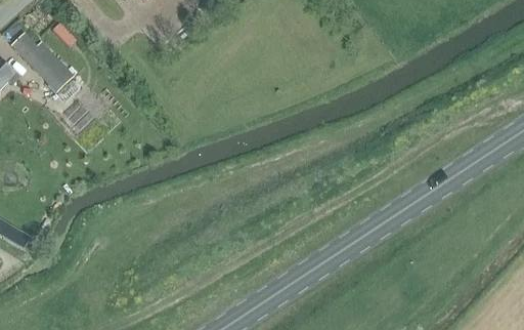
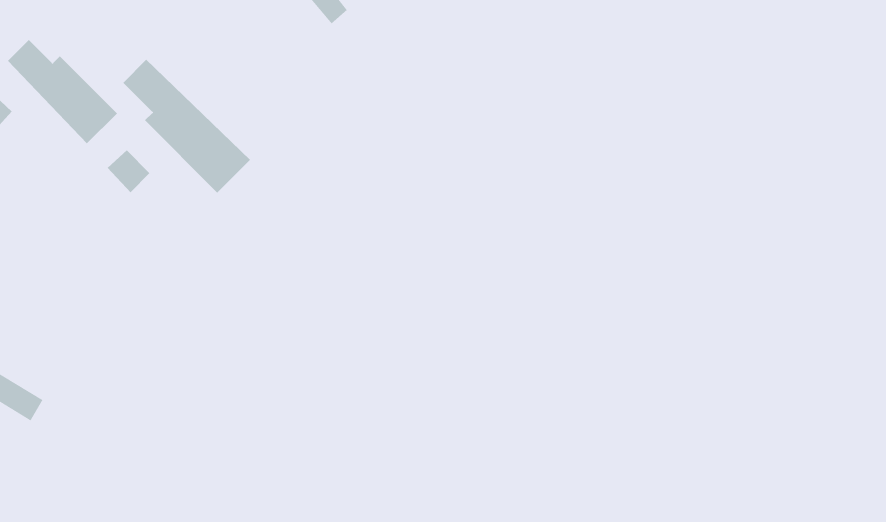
building: none -> [122,59,251,193]

